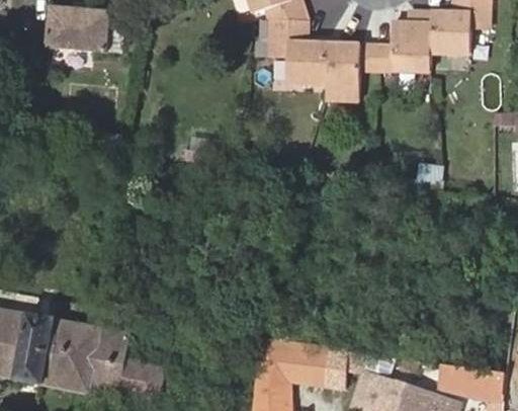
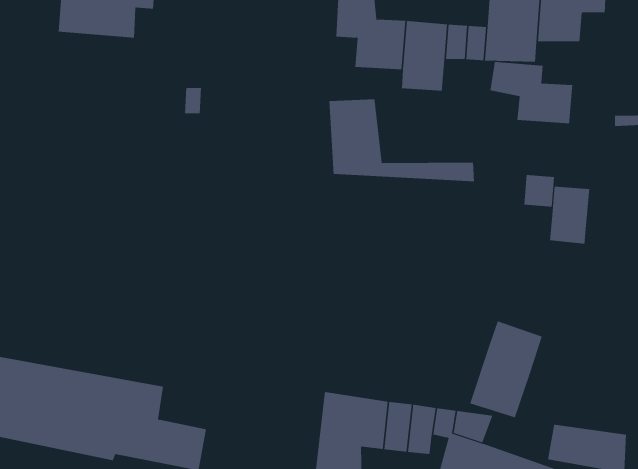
building: none -> [490,61,573,124]
building: none -> [329,98,475,182]
building: none -> [550,186,590,244]
building: none -> [469,320,543,418]

